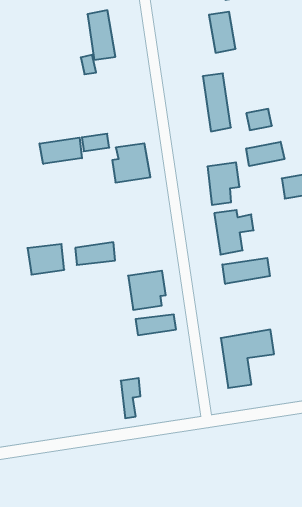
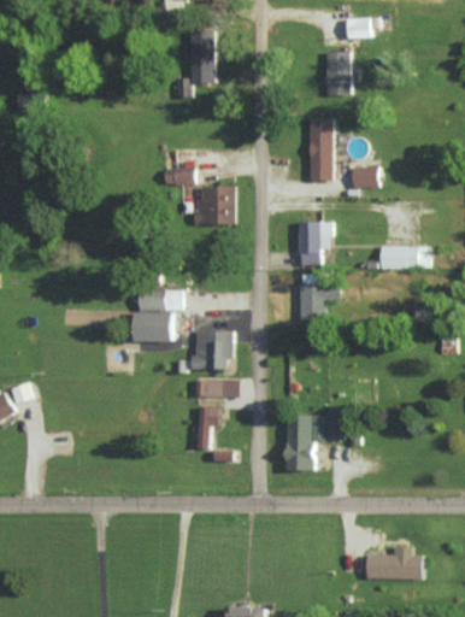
building: [40,138,82,164] -> none
building: [246,142,284,166] -> none
building: [27,244,64,275] -> [133,311,171,341]
building: [222,258,270,284] -> none
building: [121,378,140,418] -> [196,406,218,448]

